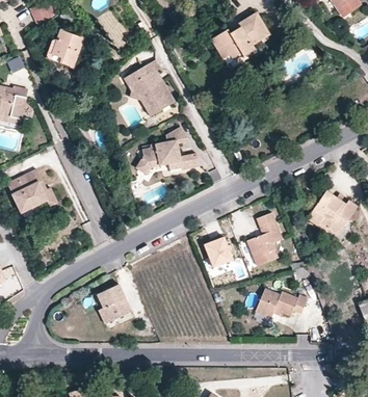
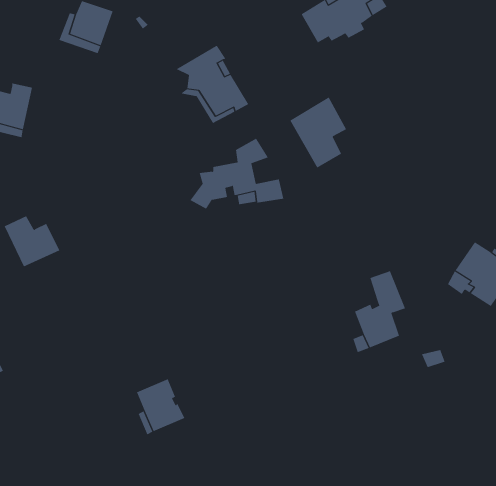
building: none -> [289,97,347,169]
building: [23,169,58,207] -> none
building: [204,238,232,267] -> none
building: [256,289,307,318] -> none

